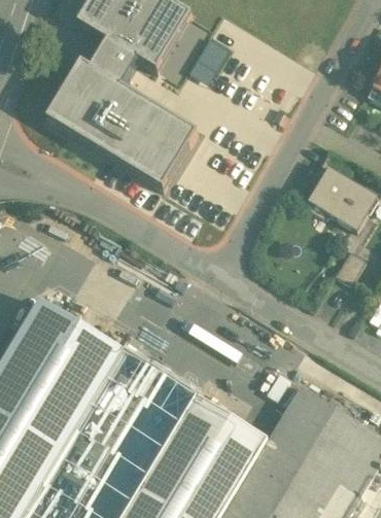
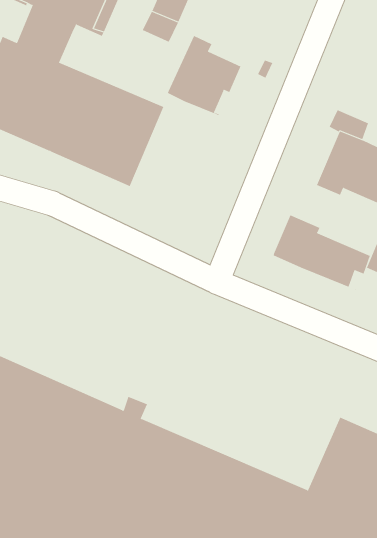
building: none -> [167,35,241,116]
building: none -> [273,215,371,291]

